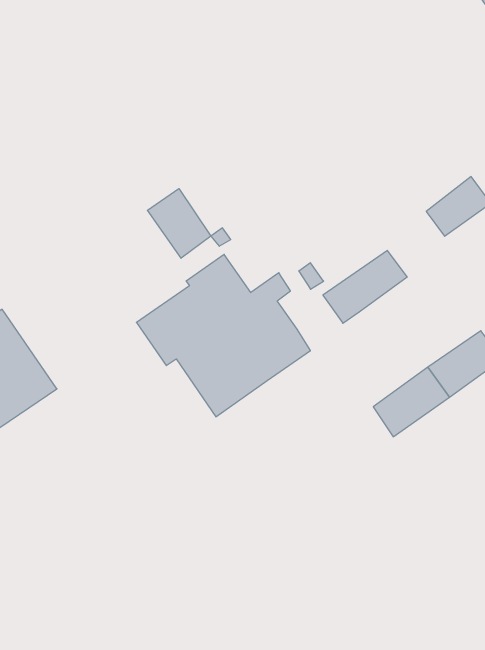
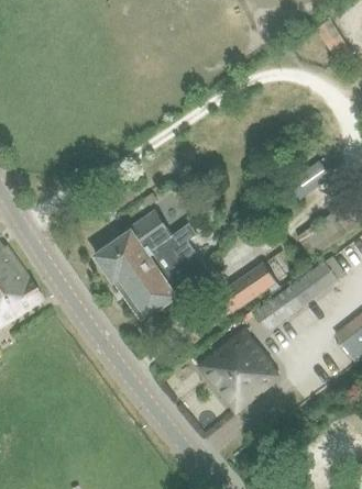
building: [147,189,211,258] -> none
building: [323,250,407,323] -> [219,265,275,313]
building: none -> [199,332,278,412]

